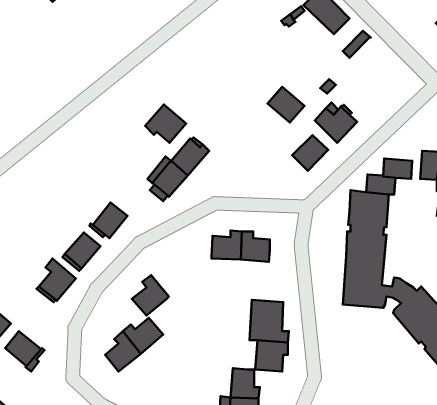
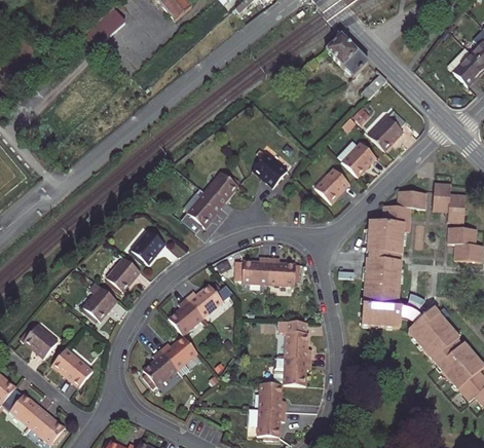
building: none -> [369,110,405,150]
building: [268,87,305,123] -> [253,153,287,186]
building: [145,104,186,143] -> none
building: none -> [186,285,232,316]

